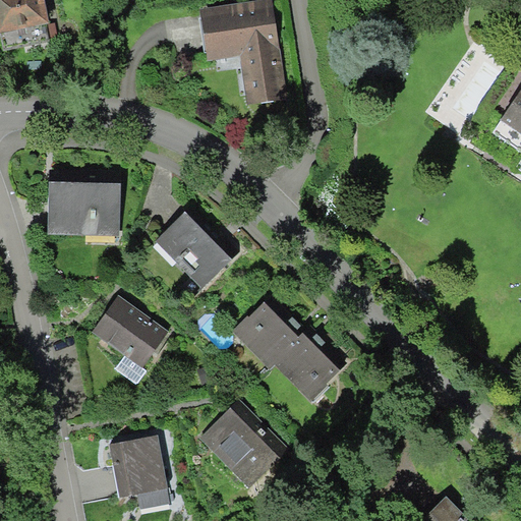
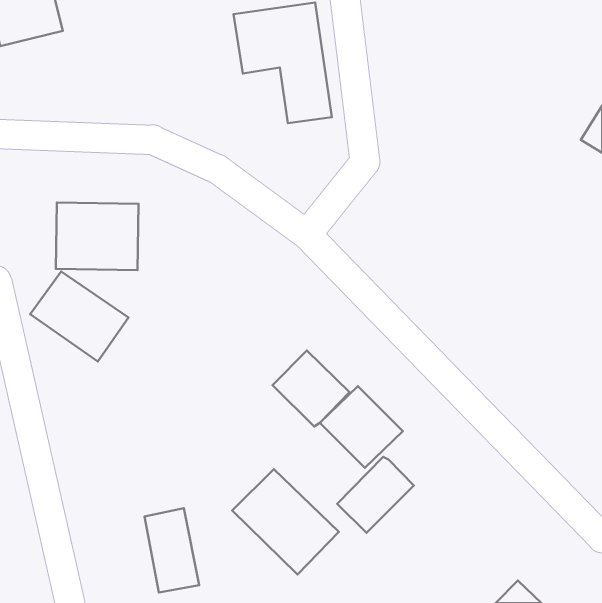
building: [153,207,235,288] -> none
building: [88,295,172,372] -> [30,271,129,361]
building: none -> [337,457,414,533]

